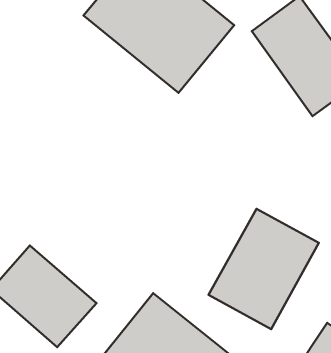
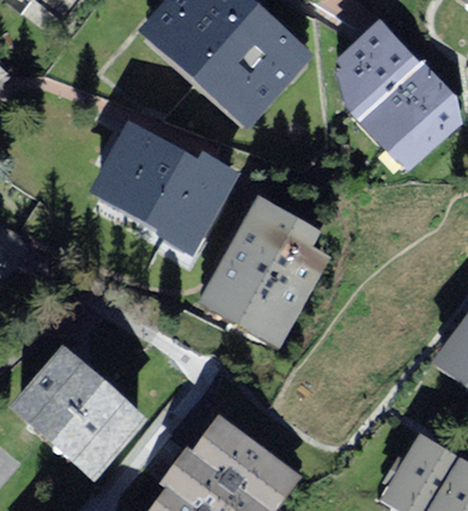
building: none -> [92,133,229,262]
building: [209,209,319,329] -> [201,205,336,352]

